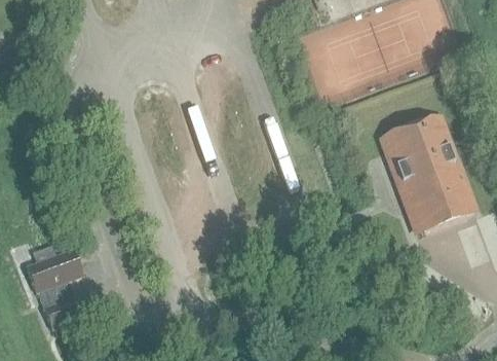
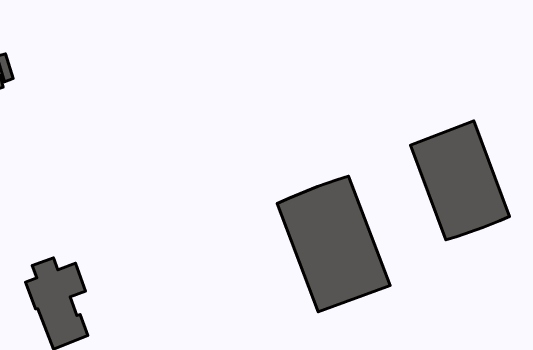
building: none -> [277,176,390,312]

